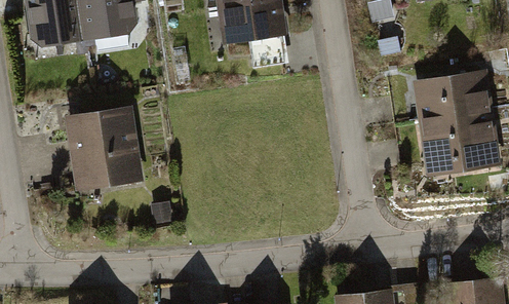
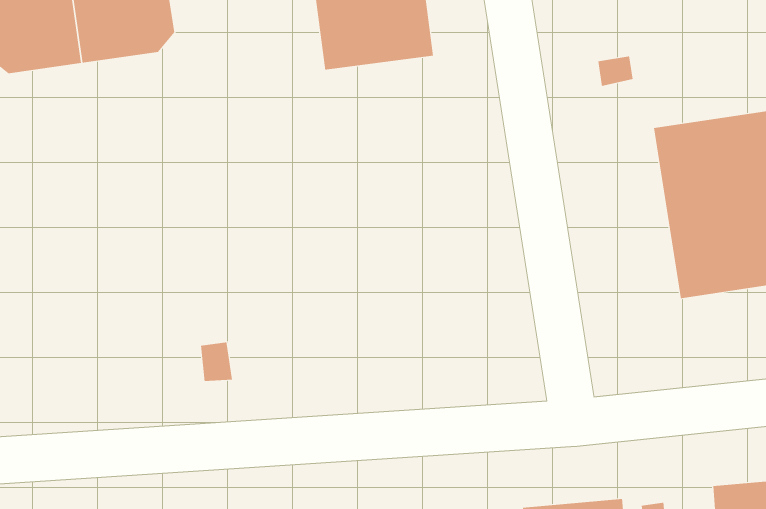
building: [66,108,144,191] -> none

